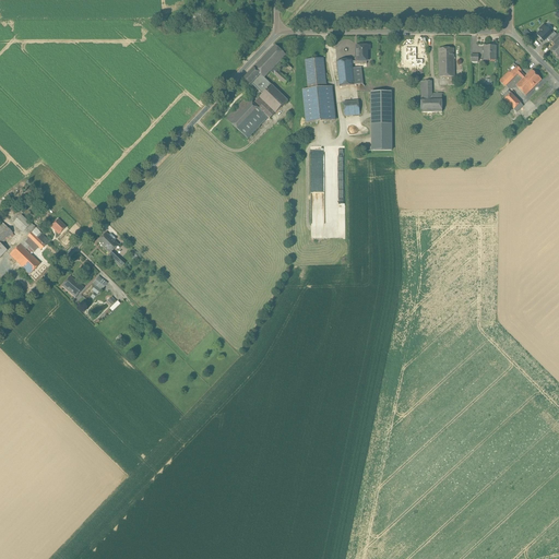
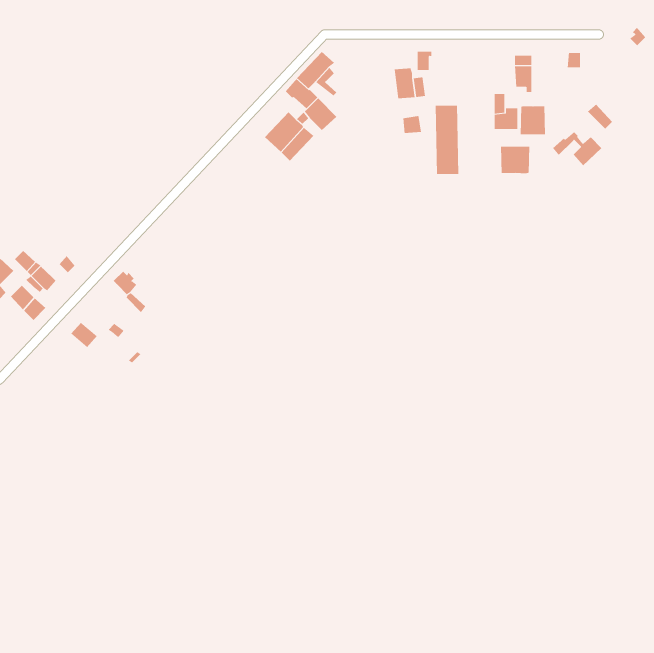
building: [302,57,334,121] -> none
building: [498,64,540,94] -> [552,131,602,166]
building: none -> [520,105,546,135]
building: none -> [500,146,530,174]

